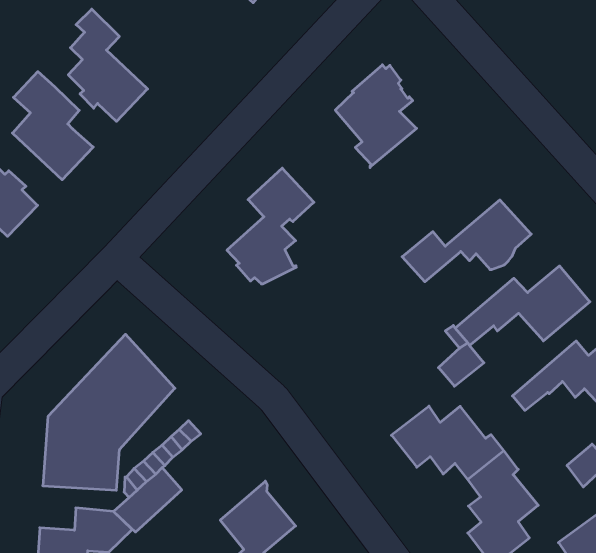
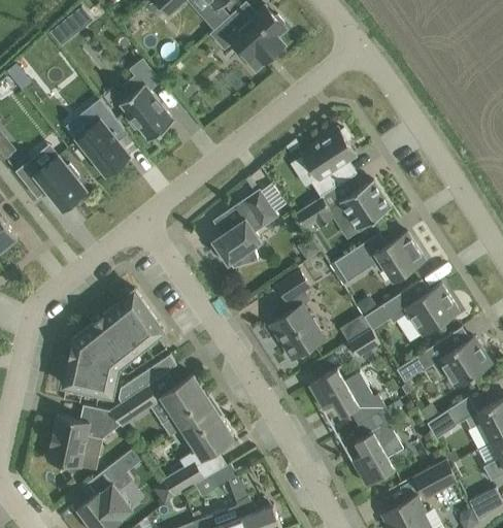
building: none -> [295,182,391,232]
building: none -> [272,271,324,360]
building: none -> [161,375,216,436]

